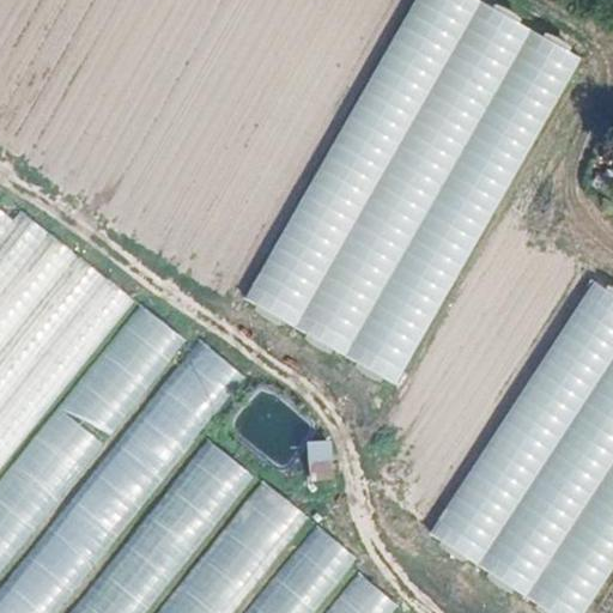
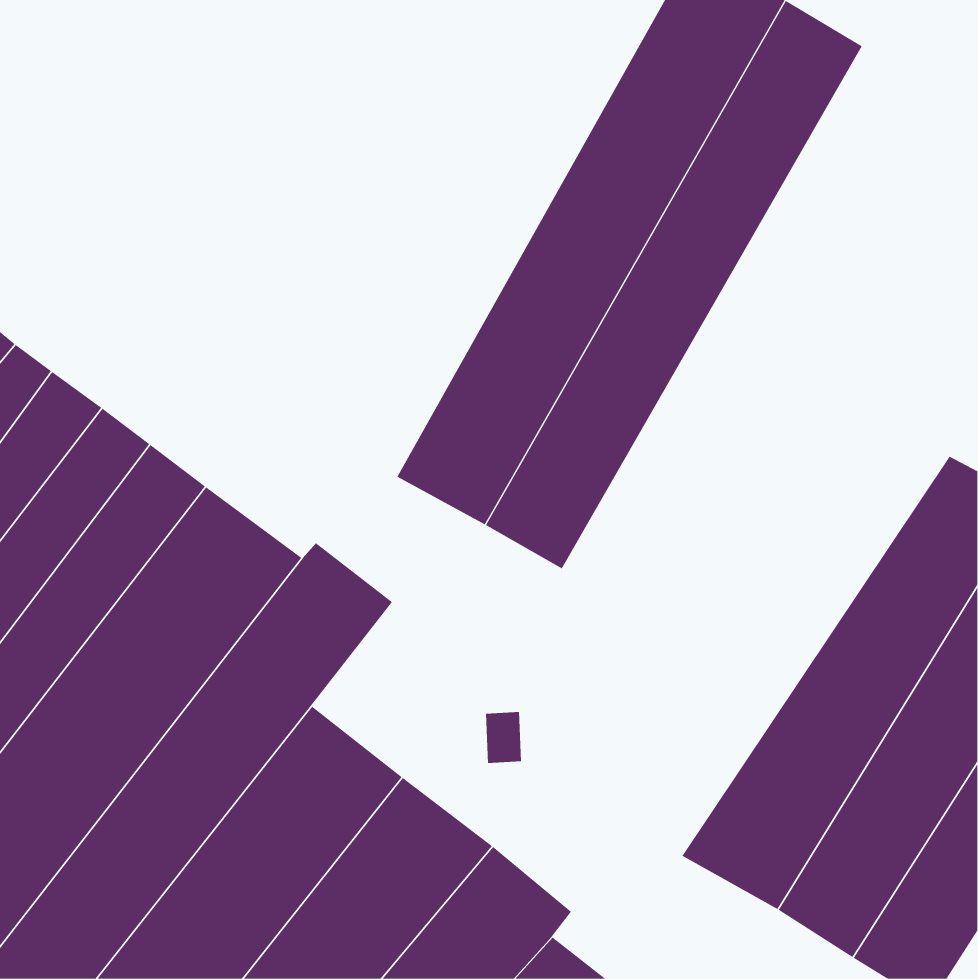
building: [350,29,587,383] -> none

